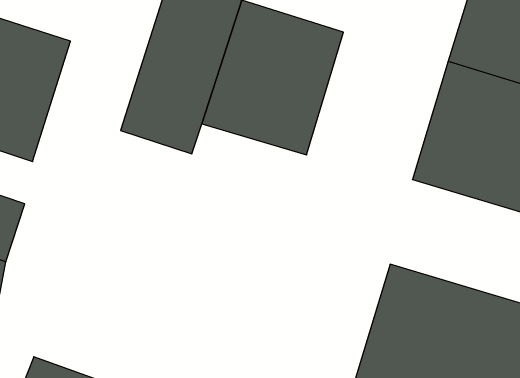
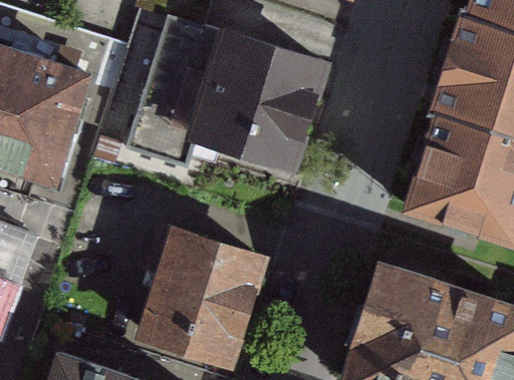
building: none -> [147,224,280,361]

